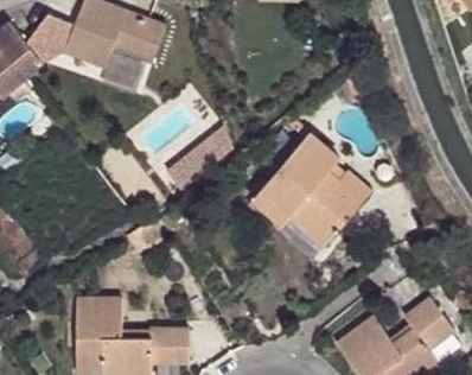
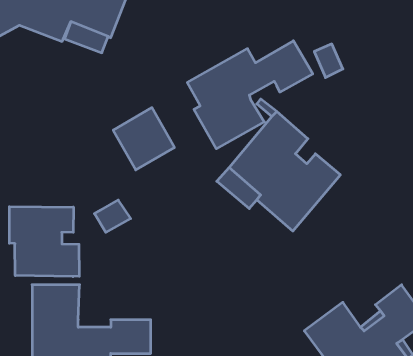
building: none -> [187,41,313,149]
building: none -> [9,207,79,277]

